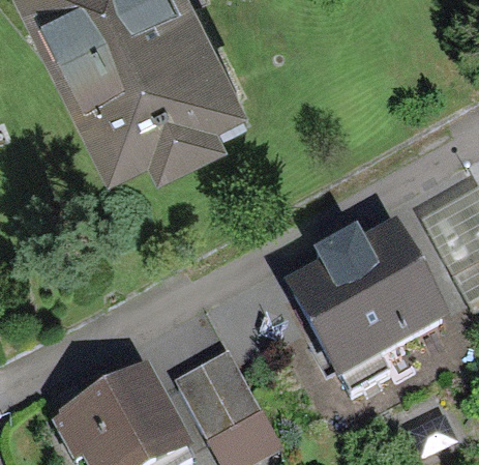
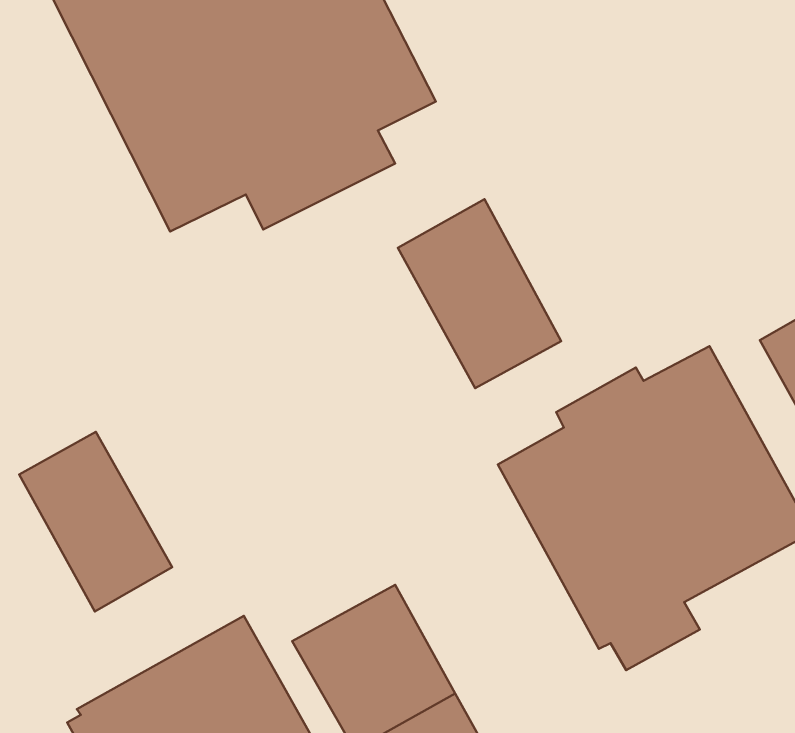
building: none -> [398,199,561,388]
building: none -> [19,432,172,612]

